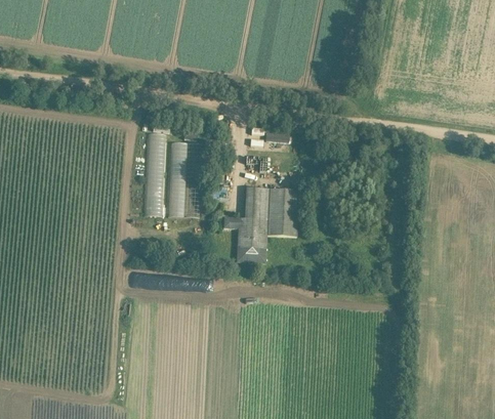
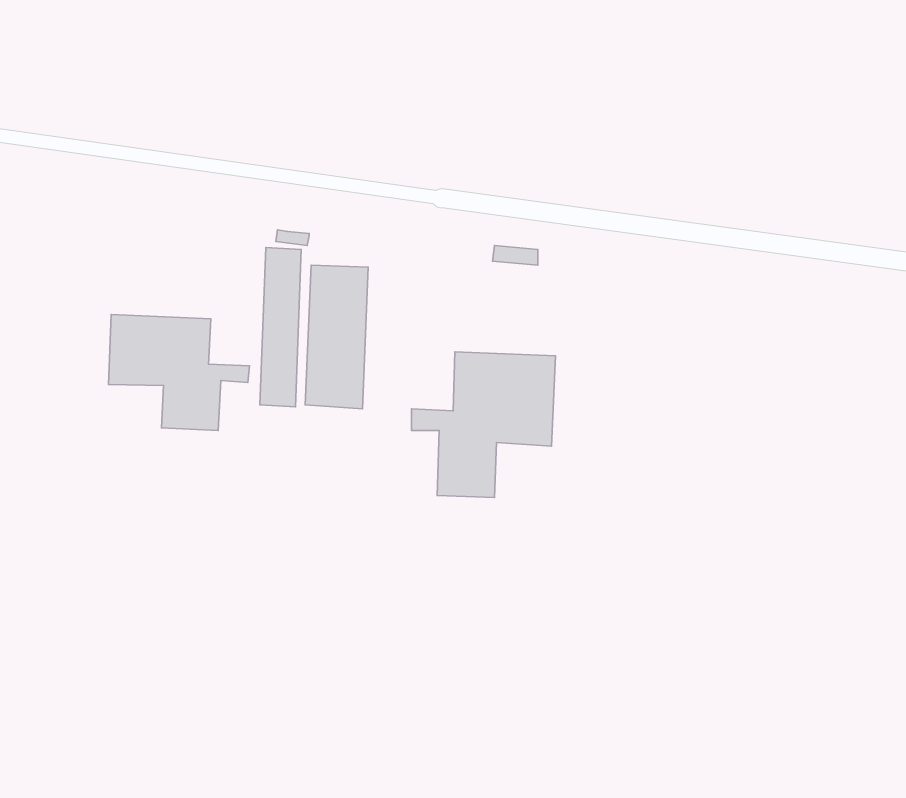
building: none -> [109,315,249,430]

